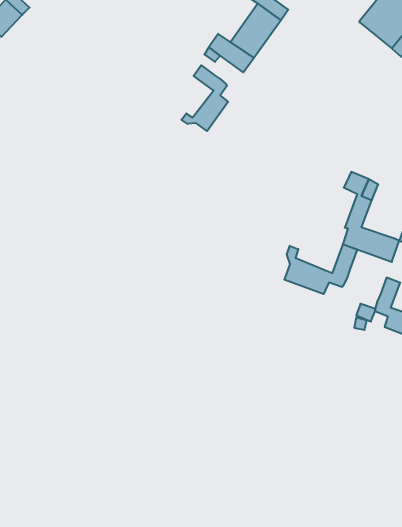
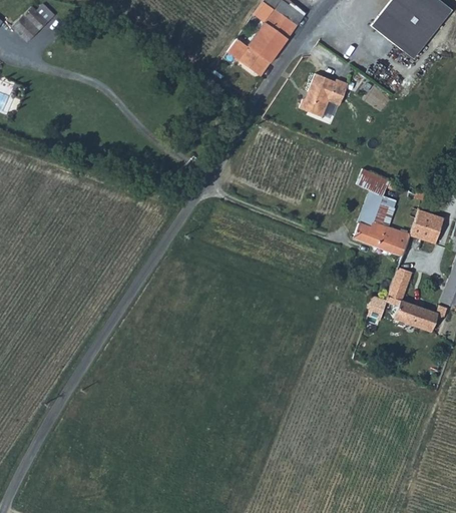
building: [181,65,228,131] -> none
building: none -> [299,72,347,116]
building: [284,244,357,294] -> none

